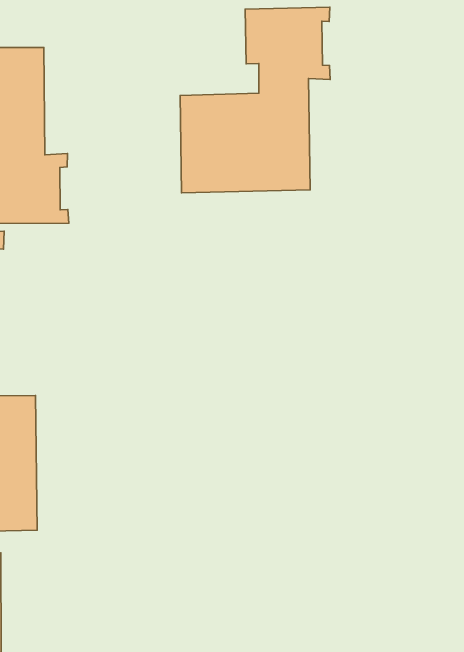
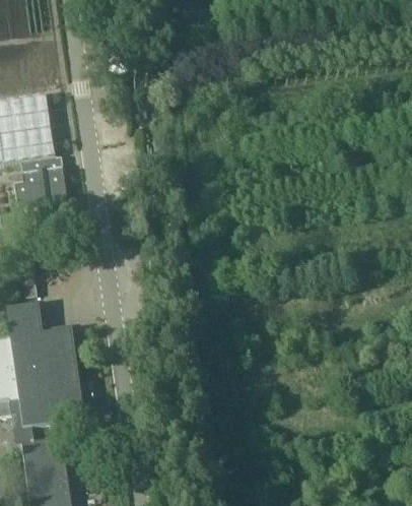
building: [180,7,330,193] -> none

